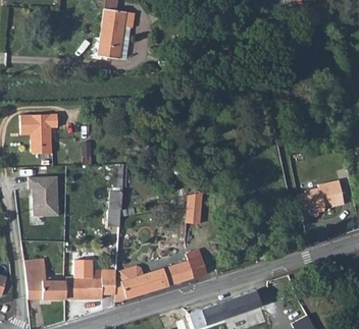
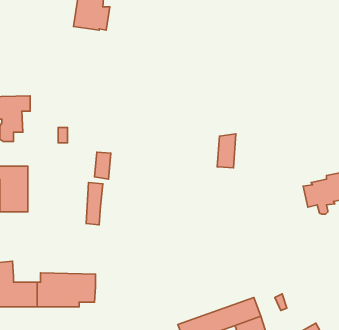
building: [186,194,202,223] -> [217,134,236,168]
building: [115,251,206,303] -> none

